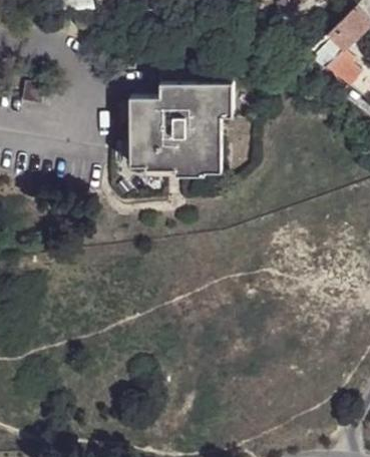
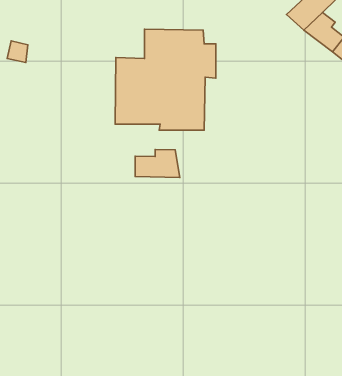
building: none -> [135,150,180,177]

